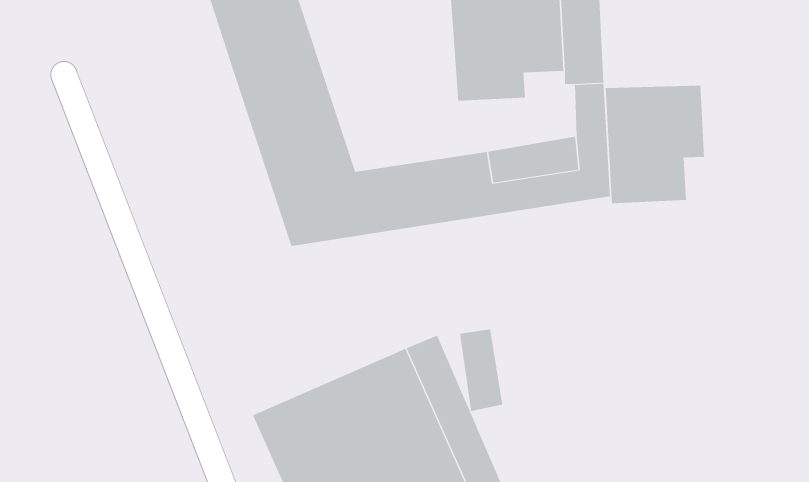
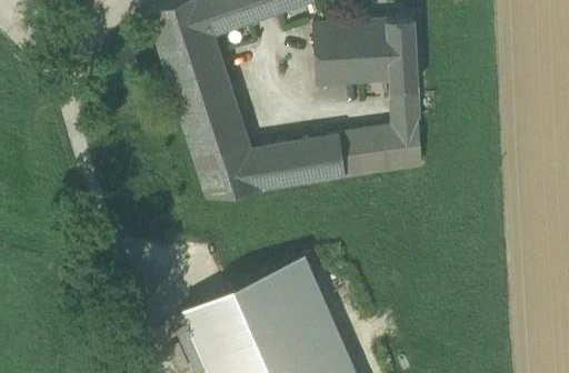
building: [605,85,705,204] -> none
building: [460,328,503,412] -> none

